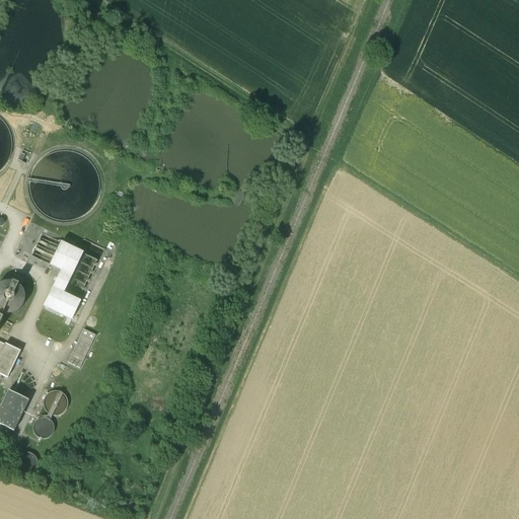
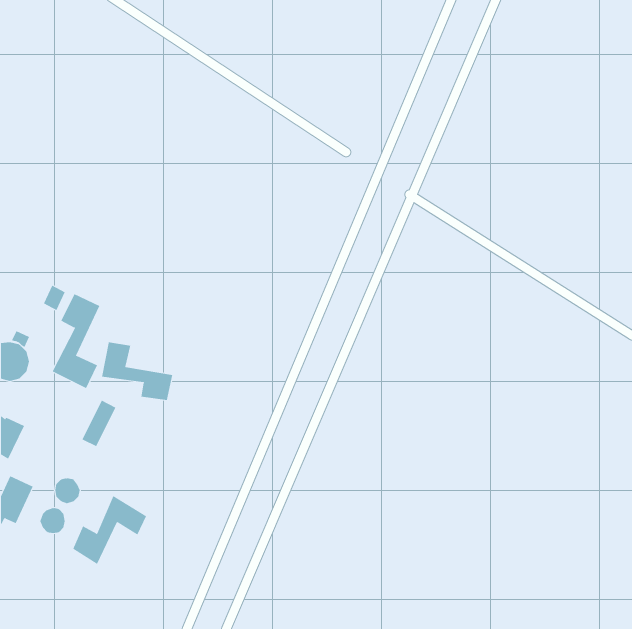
building: none -> [101,342,173,401]
building: none -> [72,495,147,565]

